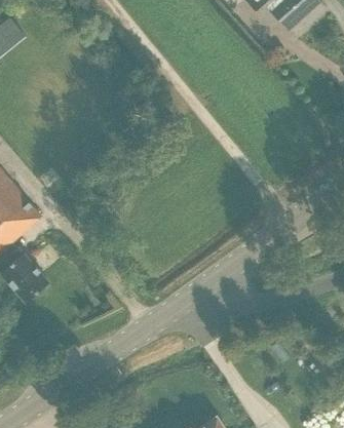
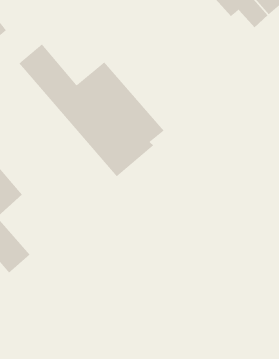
building: none -> [18,43,164,177]

